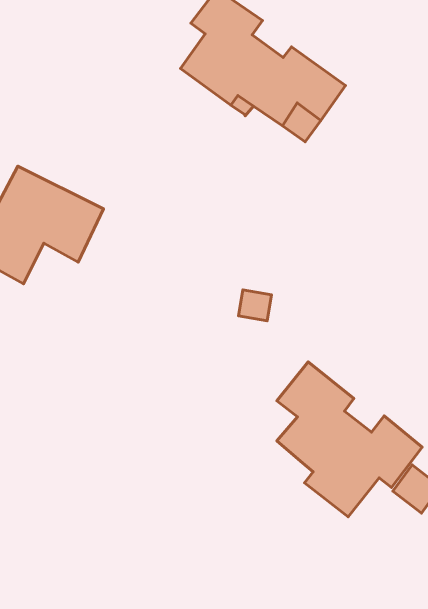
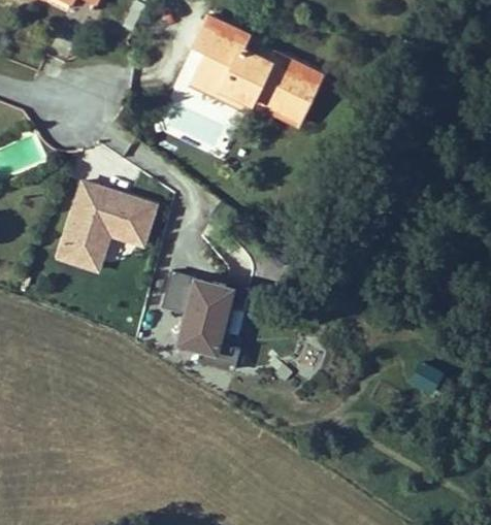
building: none -> [163,268,252,370]
building: [277,362,422,517] -> none

